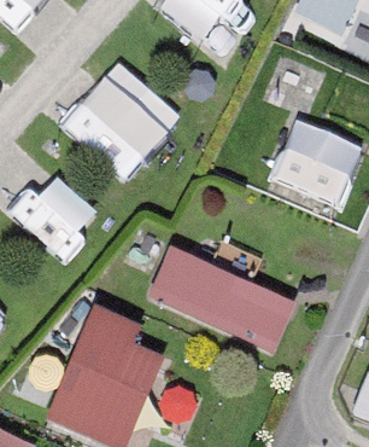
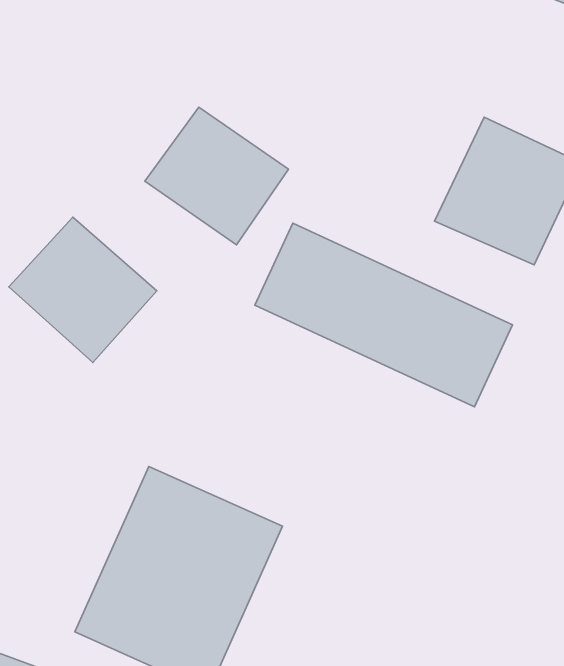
building: [143,245,299,356] -> [255,223,512,407]

